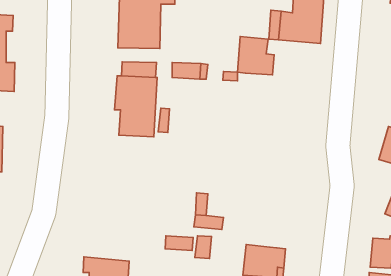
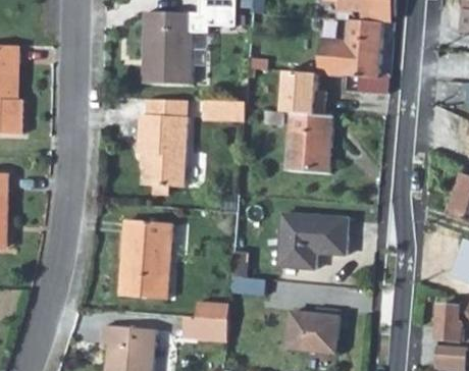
building: none -> [286,112,333,172]
building: none -> [278,215,348,267]
building: none -> [120,221,172,300]
building: none -> [183,316,228,341]

